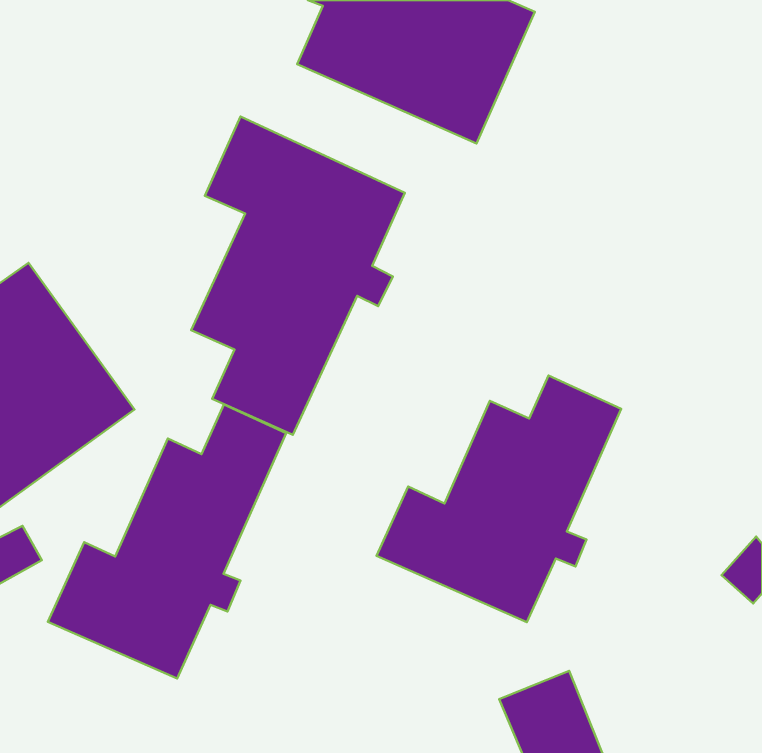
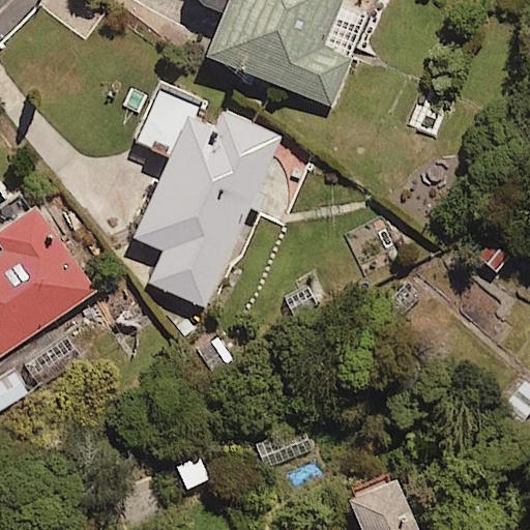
building: [377,375,621,622] -> none
building: [48,404,286,678] -> none

